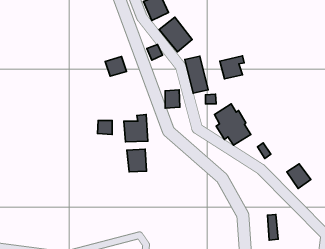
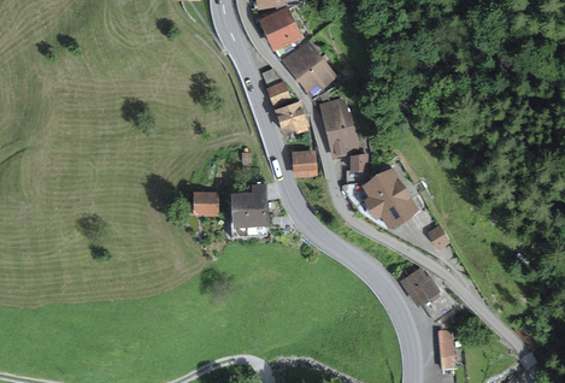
building: [220,56,244,79] -> none
building: [105,57,127,76] -> [275,102,306,131]
building: [127,149,147,172] -> none
building: [287,164,311,188] -> [401,270,436,306]

